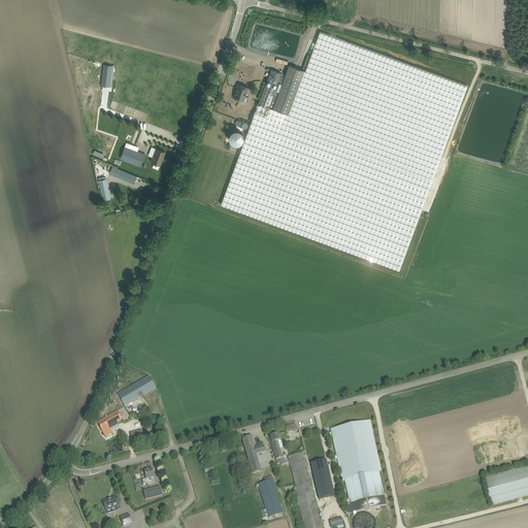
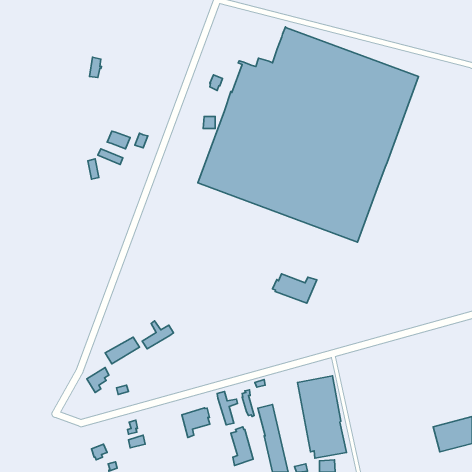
building: none -> [272,274,317,303]
building: none -> [142,321,174,349]
building: none -> [182,408,210,438]
building: [310,460,334,499] -> none

